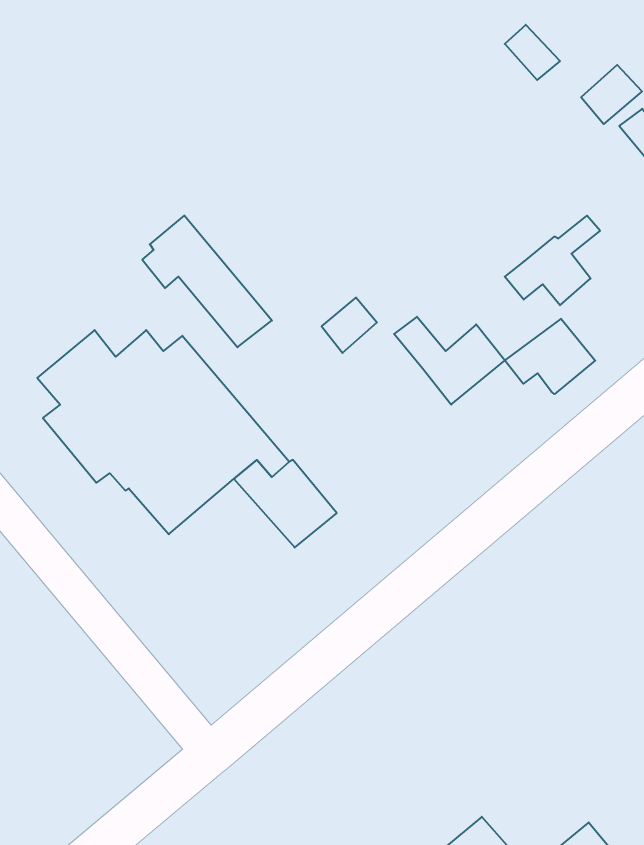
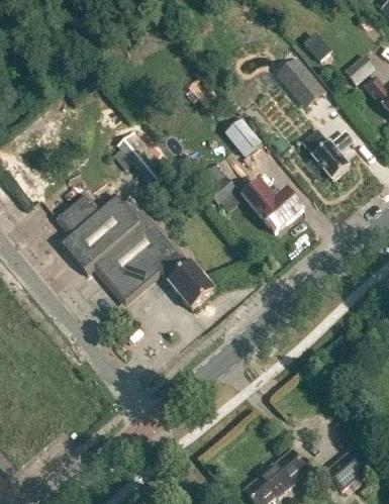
building: none -> [280,61,322,105]
building: none -> [226,118,260,156]
building: [505,319,595,394] -> none

